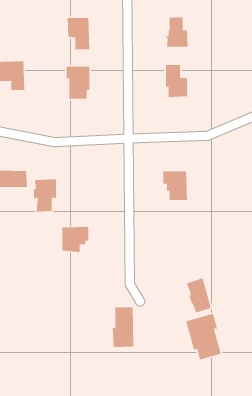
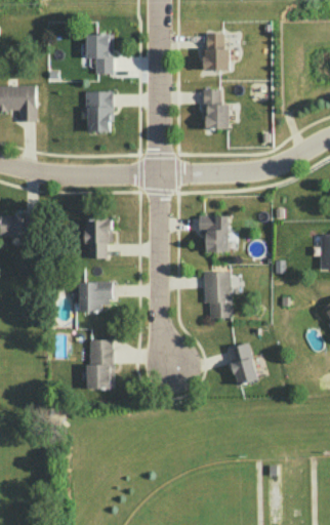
building: [33,179,57,212] -> [84,218,112,258]
building: none -> [203,272,232,318]
building: [112,306,134,348] -> [86,339,113,389]
building: [185,313,222,360] -> none

